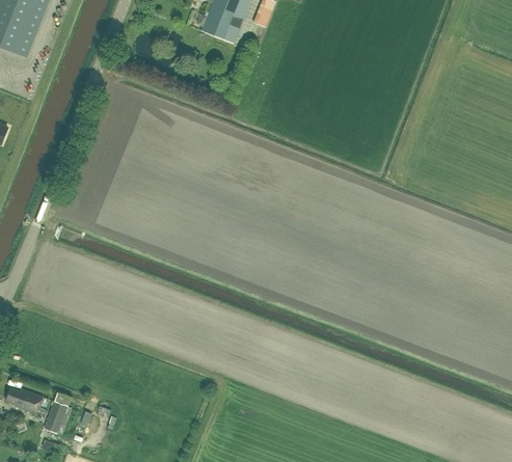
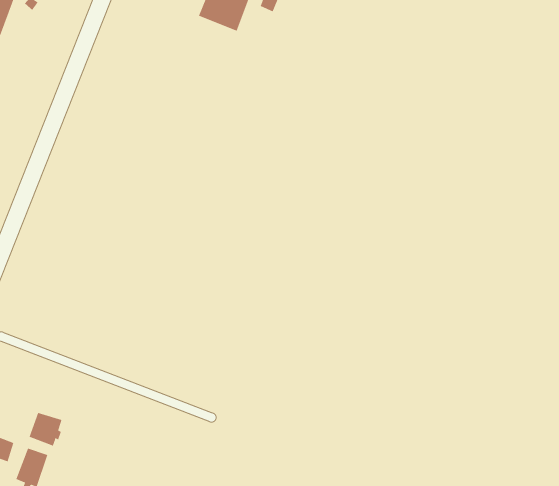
building: none -> [29,412,62,447]

